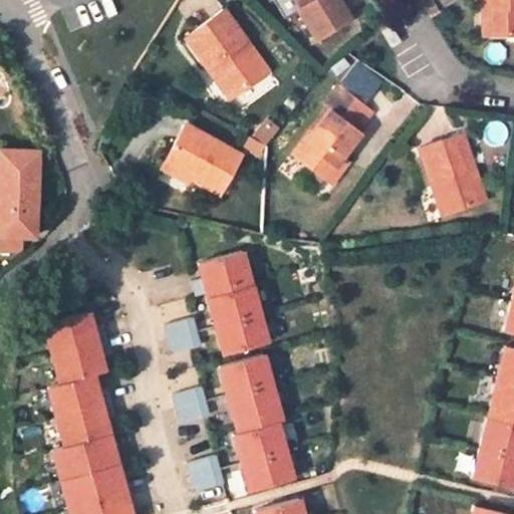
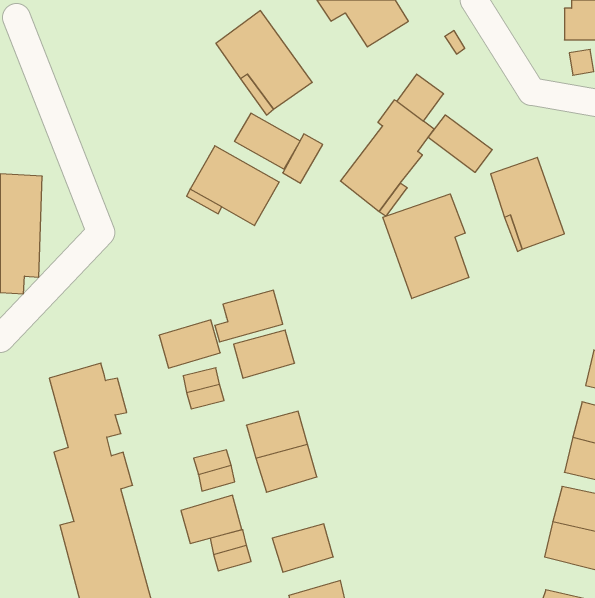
building: none -> [235,113,300,169]
building: none -> [428,115,492,172]
building: none -> [383,194,469,299]
building: [212,312,264,353] -> [159,320,220,368]
building: [229,421,281,462] -> [181,495,242,543]

